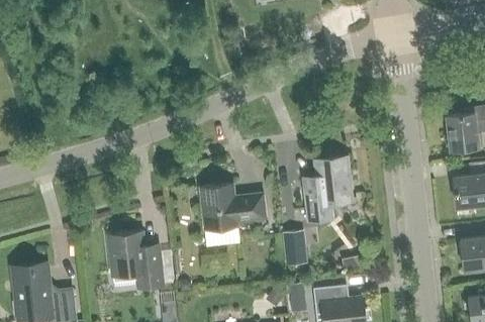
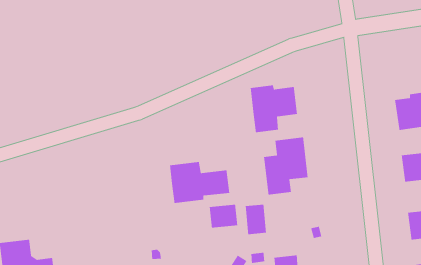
building: none -> [250,85,298,133]
building: none -> [209,204,238,228]
building: [108,232,163,288] -> none

